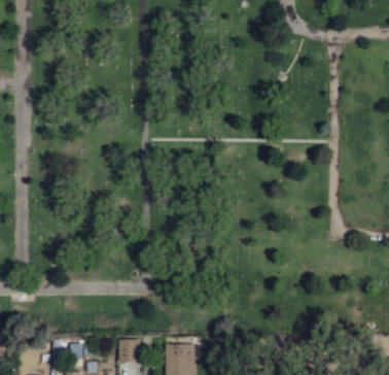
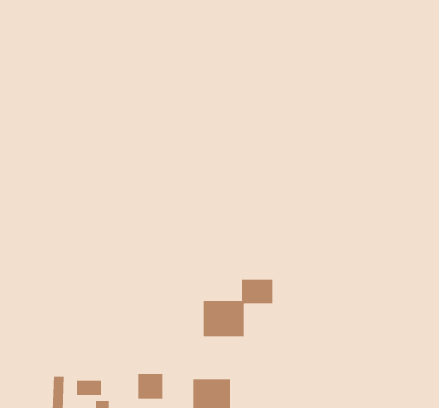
building: none -> [203,279,273,337]

